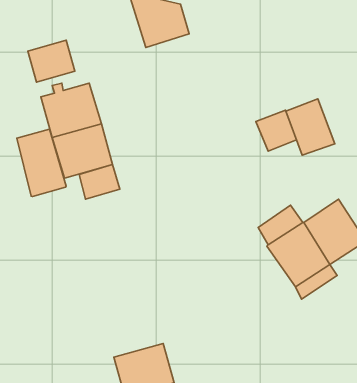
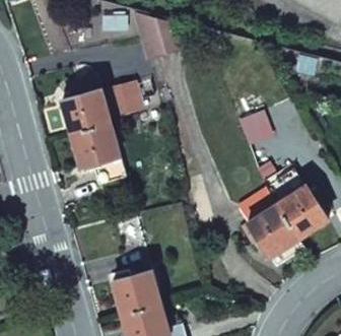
building: [28,40,75,82] -> [104,82,142,117]
building: [286,99,335,155] -> none
building: [17,129,66,196] -> none
building: none -> [113,270,161,314]

